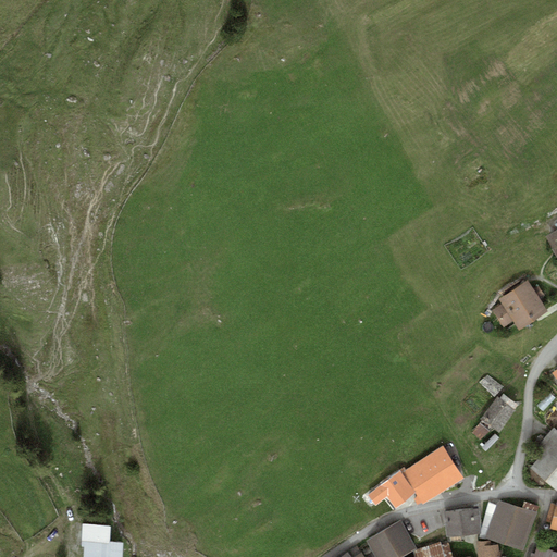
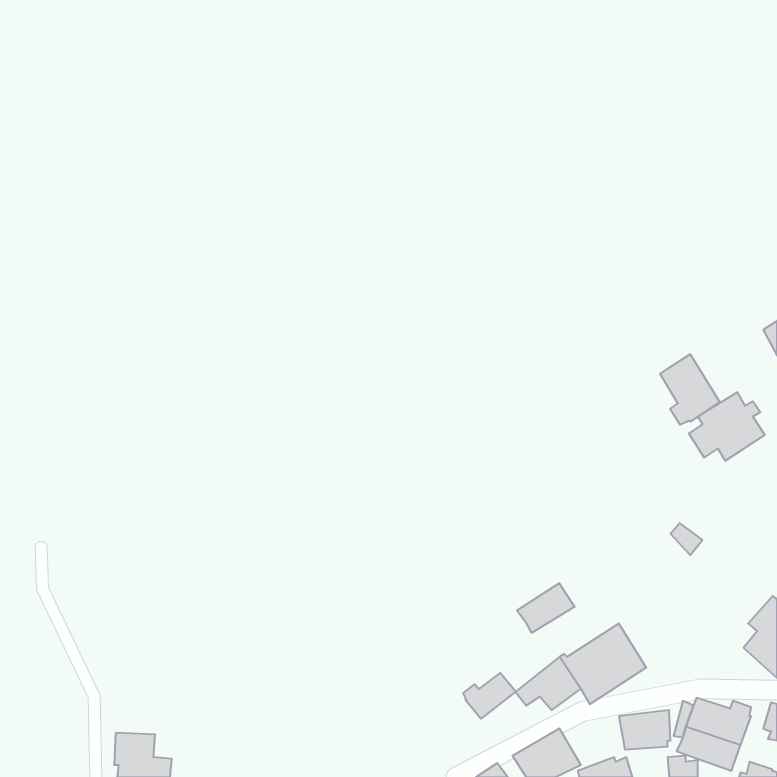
building: none -> [660,354,720,425]
building: [473,395,518,438] -> none
building: none -> [517,583,575,633]
building: none -> [463,673,516,719]

